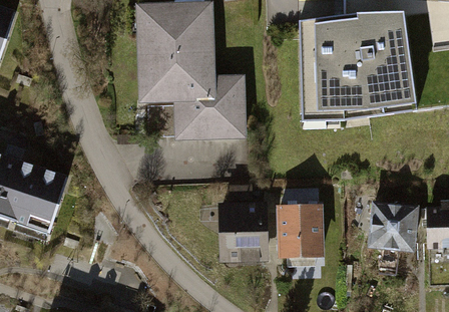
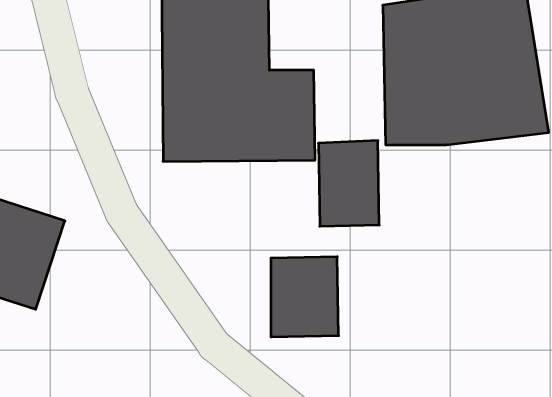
building: [278,195,322,257] -> [318,141,379,226]
building: [365,202,414,248] -> none

